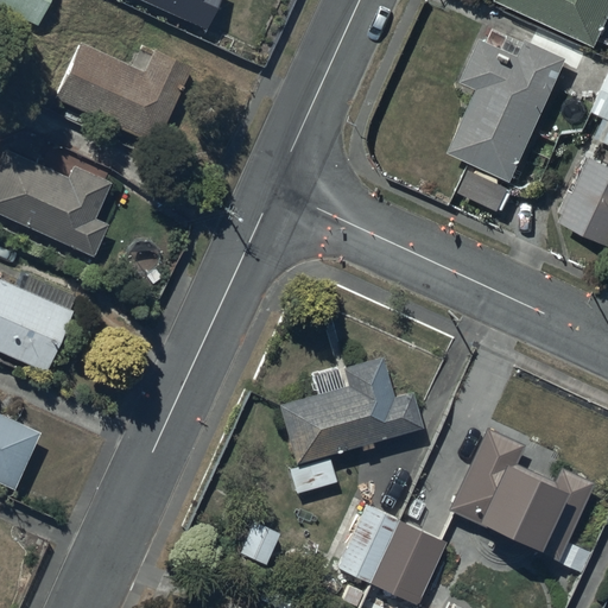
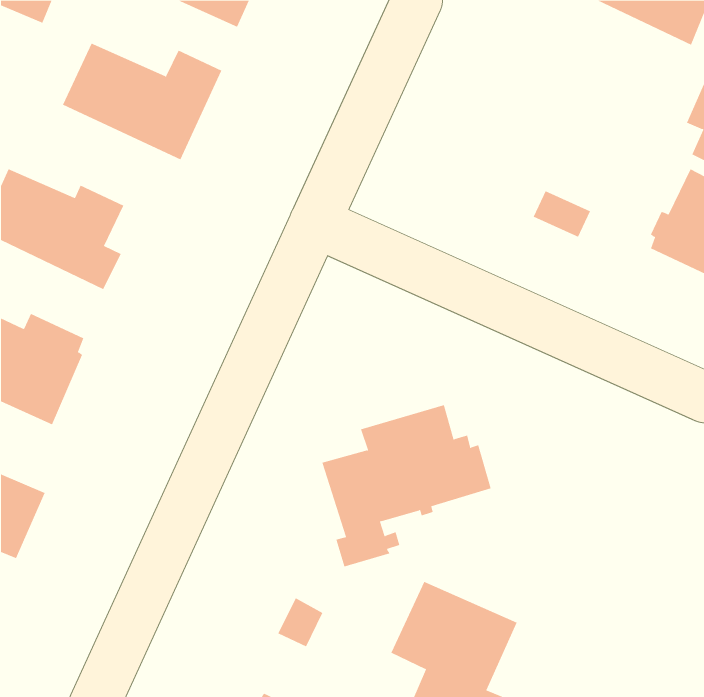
building: [449,34,568,179] -> none
building: [448,429,591,576] -> none

